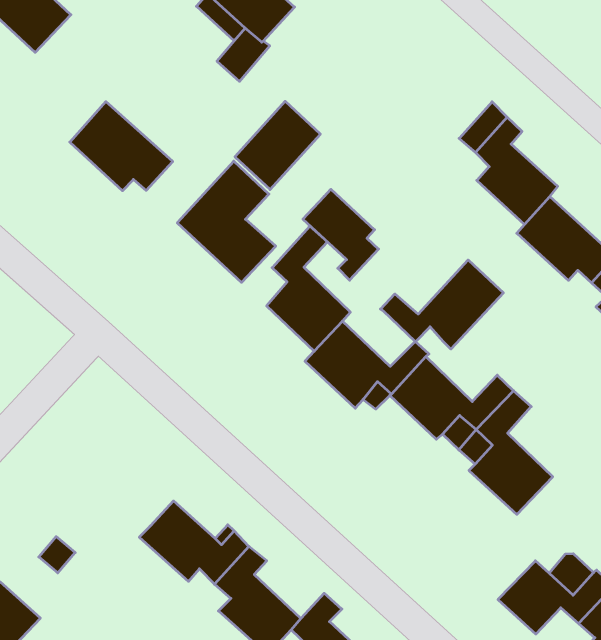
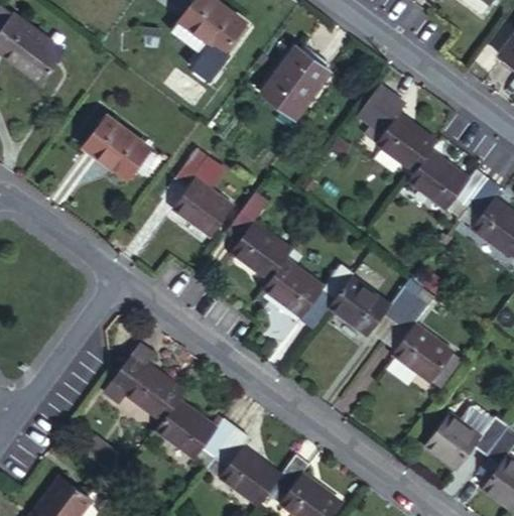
building: [235,101,320,190] -> [275,48,336,114]
building: [303,189,379,280] -> none
building: [380,260,503,349] -> none
building: none -> [106,344,186,420]

